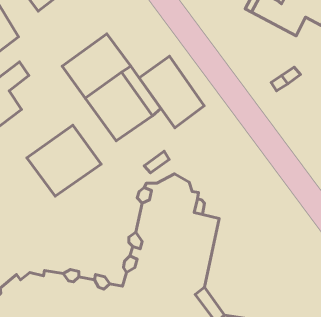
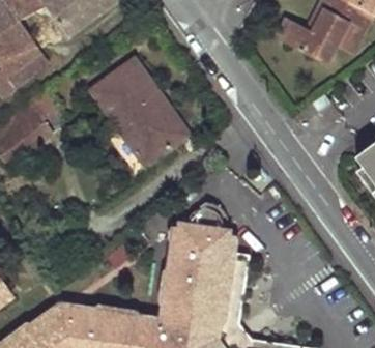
building: [139,56,204,128] -> none
building: [27,125,101,196] -> none

